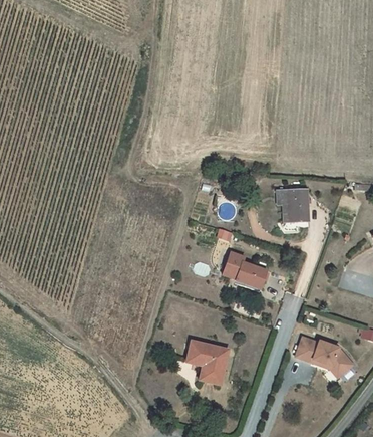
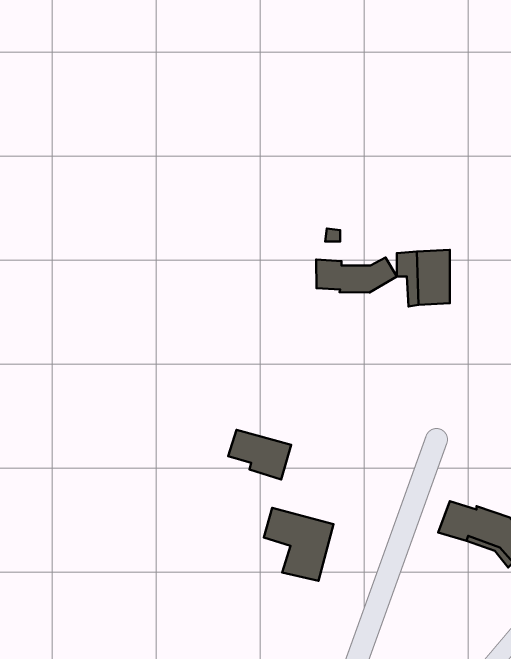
building: none -> [316,257,397,292]
building: [229,260,267,290] -> [228,430,291,480]

